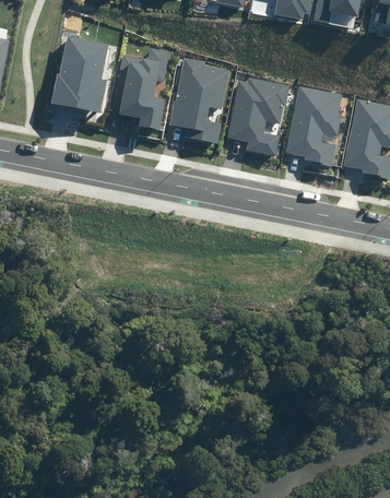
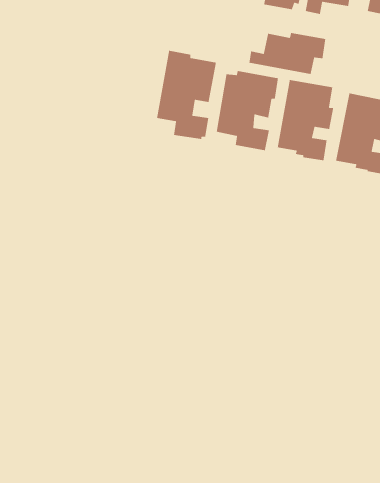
building: [51,36,107,112] -> none
building: none -> [249,32,326,75]
building: [111,48,168,129] -> none

